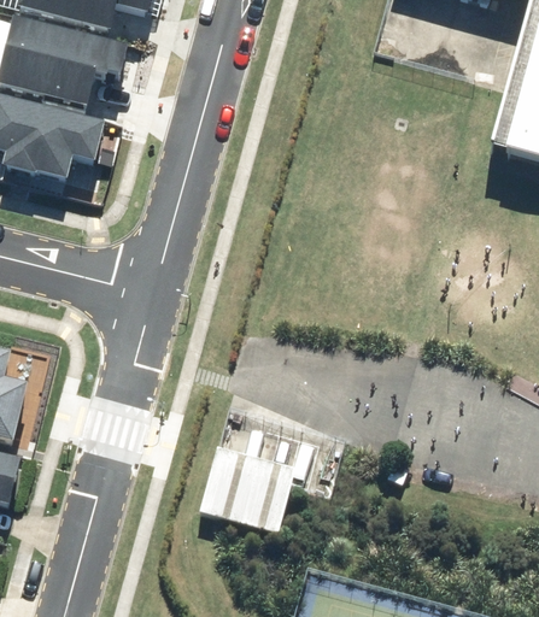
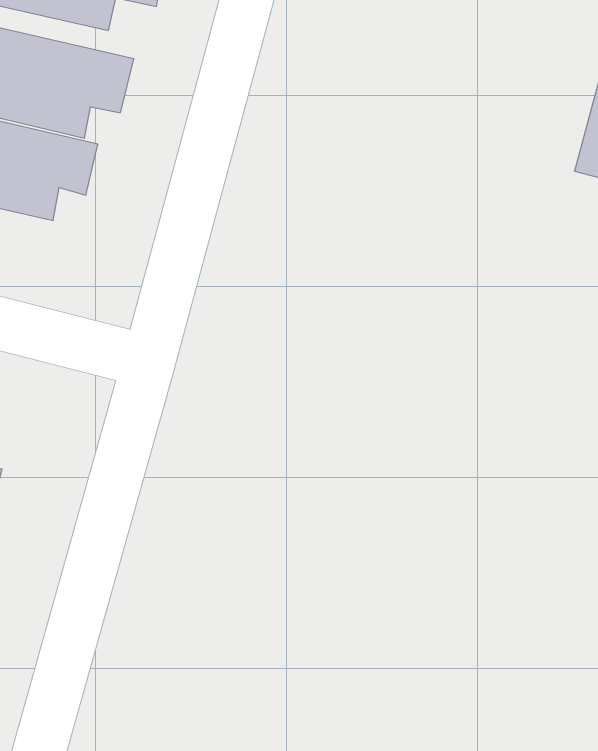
building: [198,448,293,531] -> none

